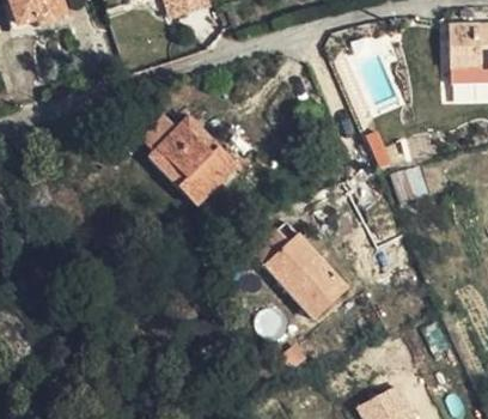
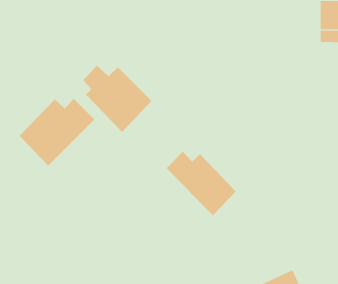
building: none -> [19,98,95,166]

